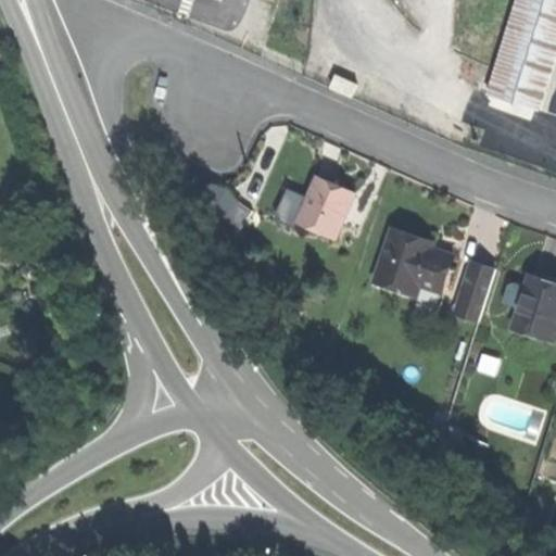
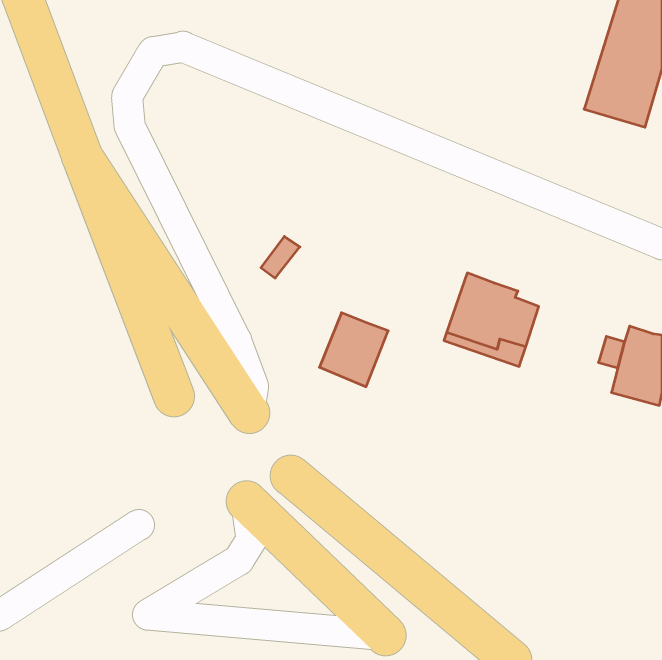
building: [296,174,354,236] -> [319,313,388,387]
building: [456,261,494,319] -> none

